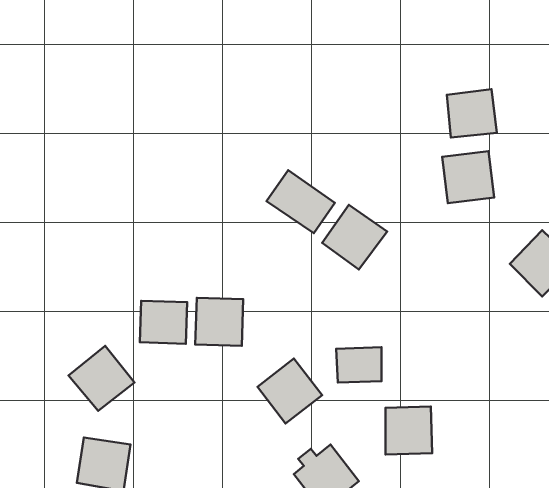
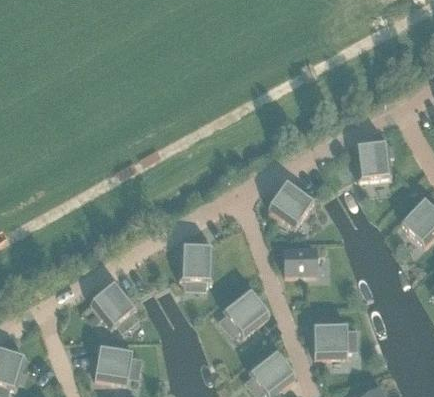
building: [447,89,497,137] -> none
building: [266,170,335,233] -> none
building: [140,301,187,344] -> none
building: [336,347,381,383] -> [284,250,316,275]

